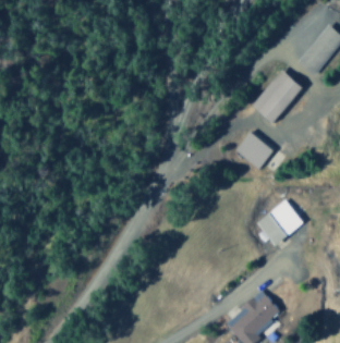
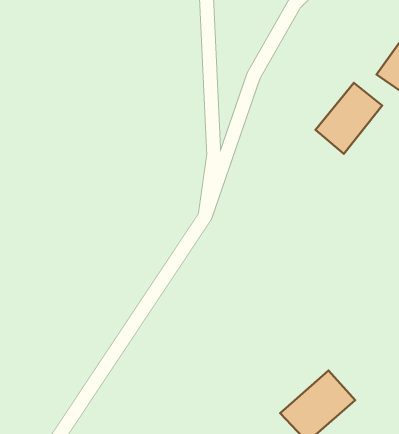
building: [234,132,275,170] -> none
building: [256,199,304,246] -> none

